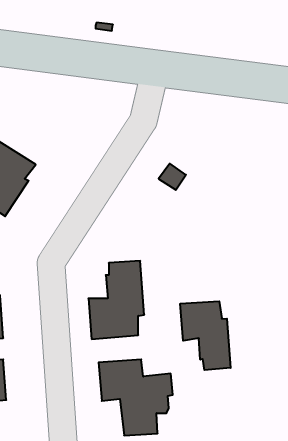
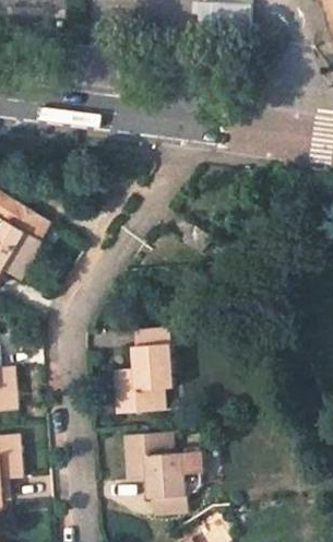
building: [180,301,231,370] -> none

